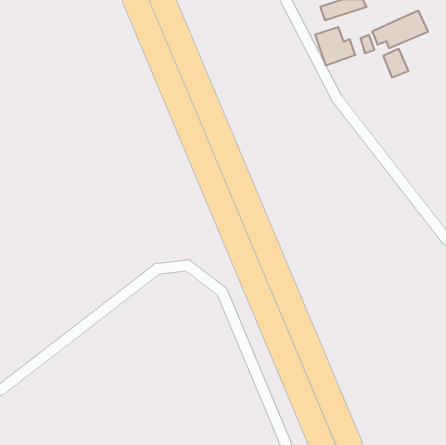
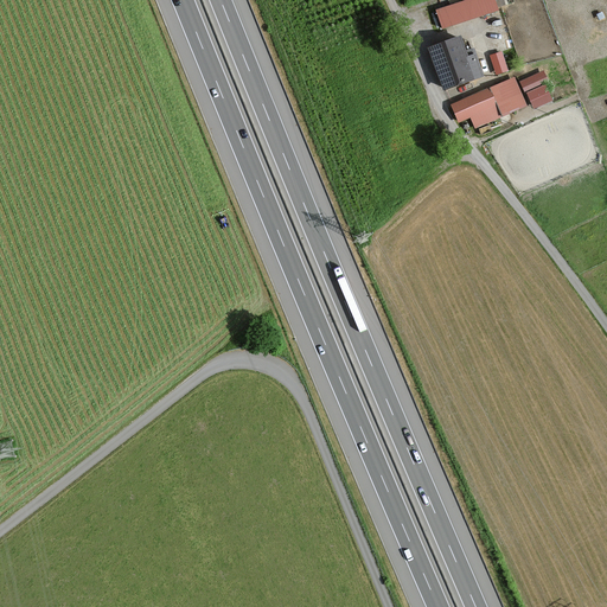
building: [372,11,428,48] -> [452,76,528,127]

